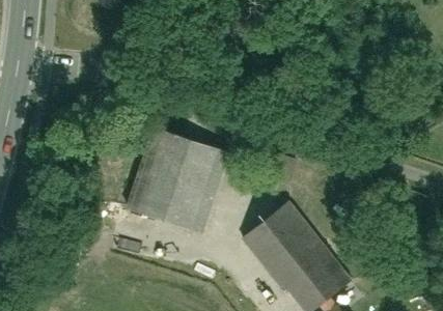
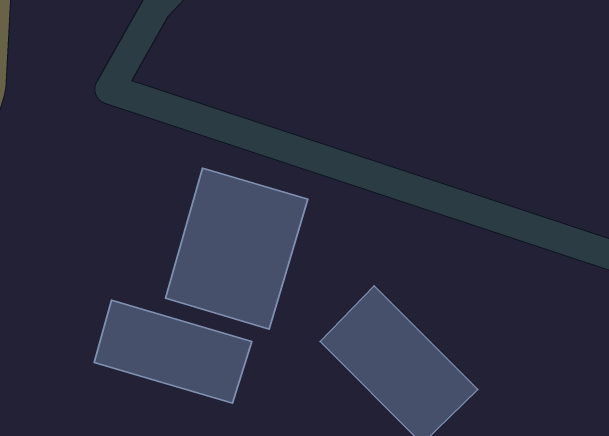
building: none -> [94,300,252,403]

